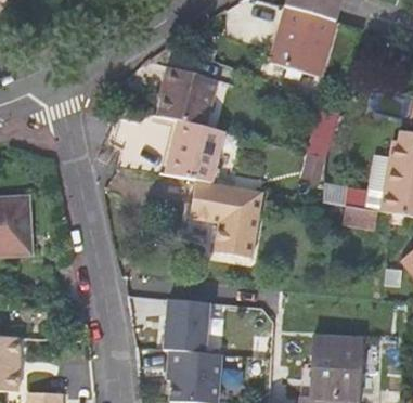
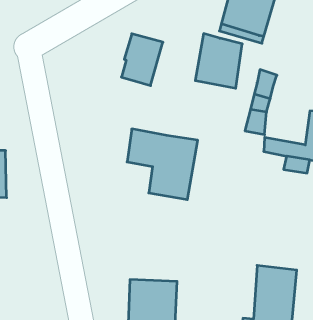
building: [165,118,219,181] -> [195,34,242,88]
building: [164,294,211,347] -> none

